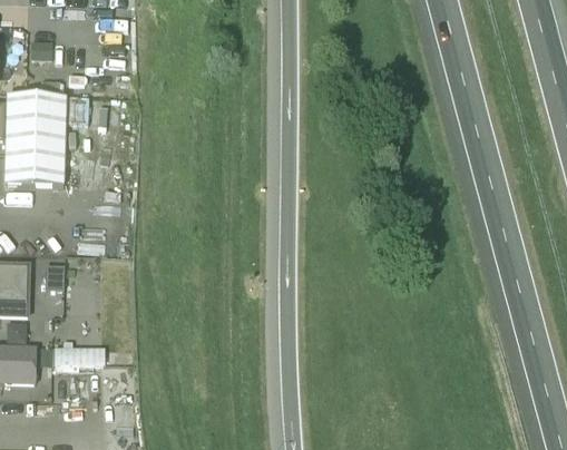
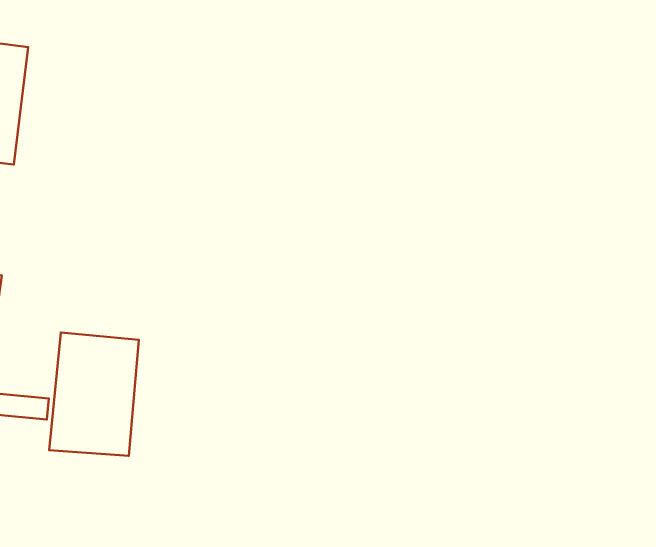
building: none -> [49,333,139,456]

